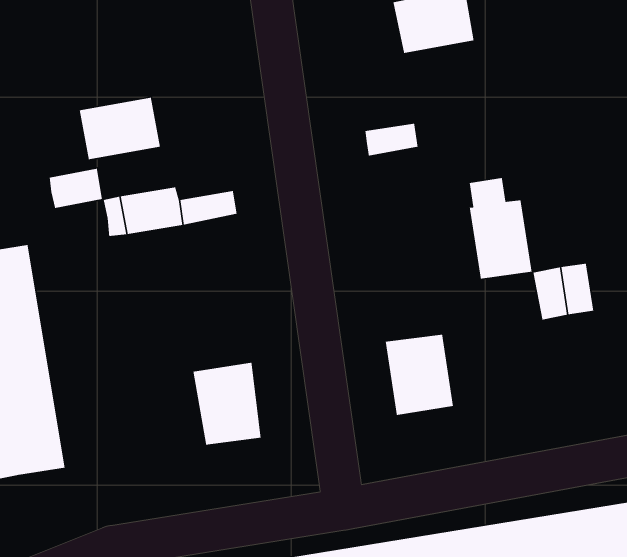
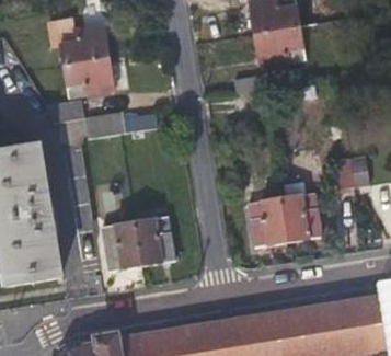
building: none -> [48,18,110,66]
building: none -> [257,25,304,65]
building: [469,177,532,280] -> [280,180,318,240]
building: none -> [101,219,141,268]

